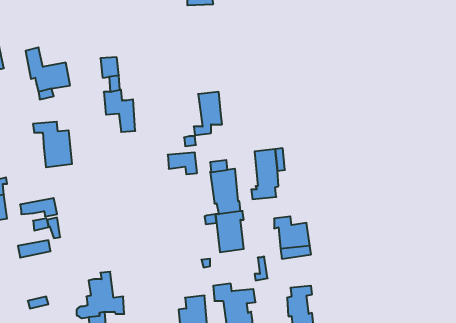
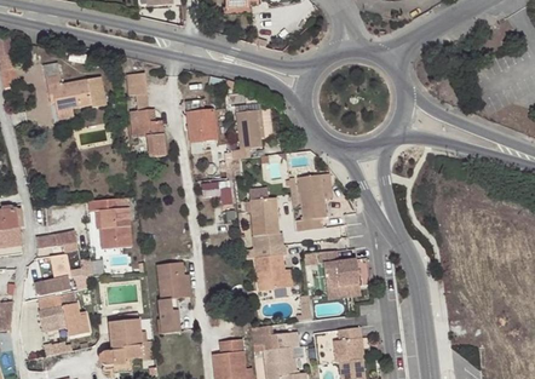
building: none -> [185,99,217,153]
building: [33,122,72,167] -> [88,199,132,249]
building: none -> [156,262,186,334]
building: none -> [38,295,90,337]

